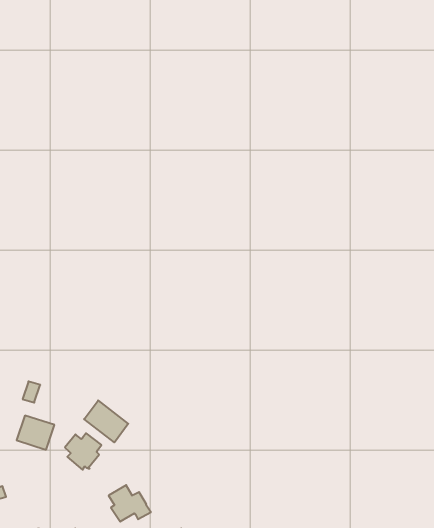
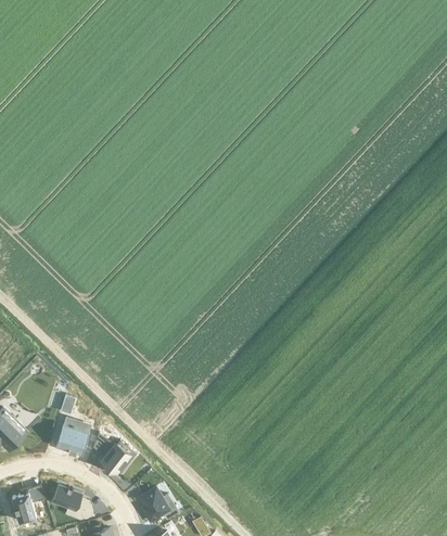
building: [84,400,128,442] -> none
building: none -> [52,485,92,519]

